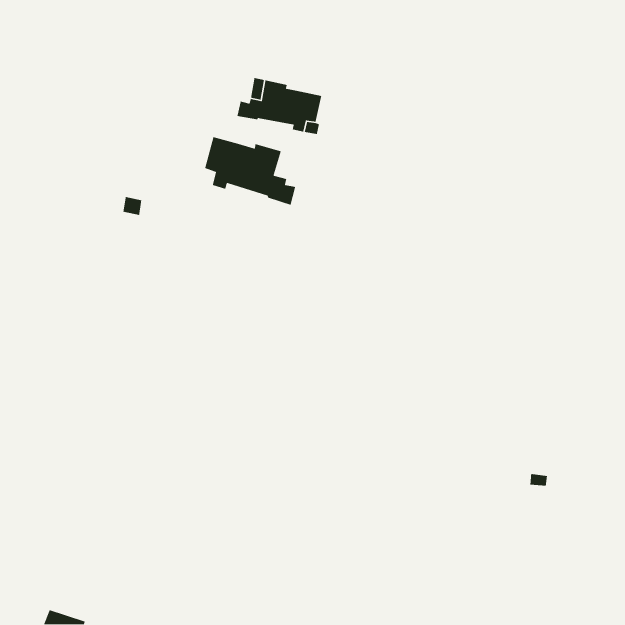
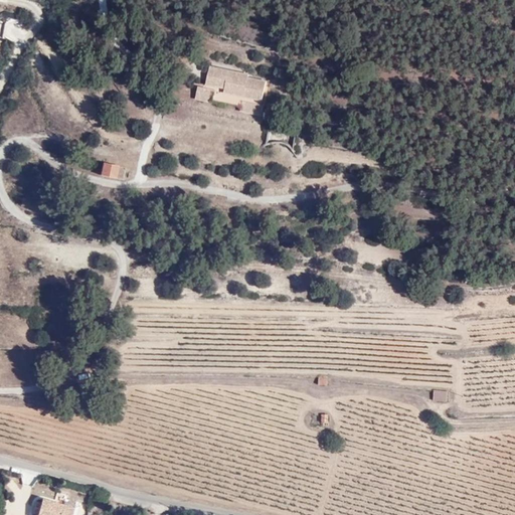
building: [204,136,296,206] -> none

